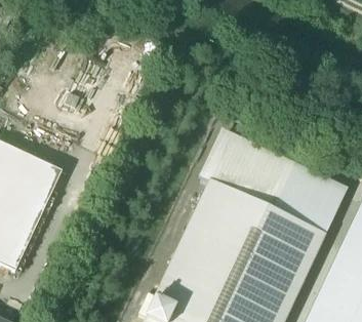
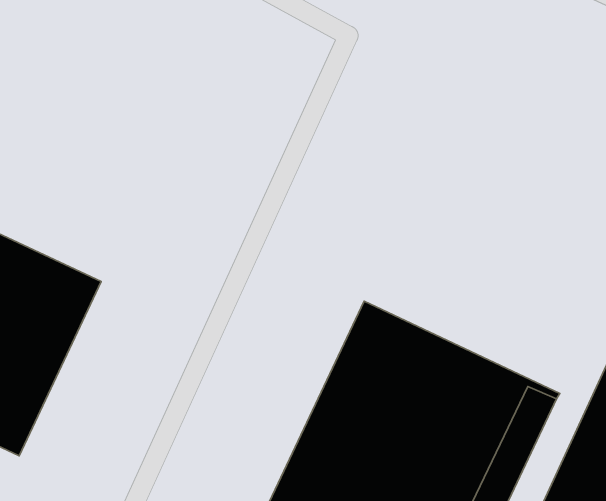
building: [201,131,347,233] -> none

